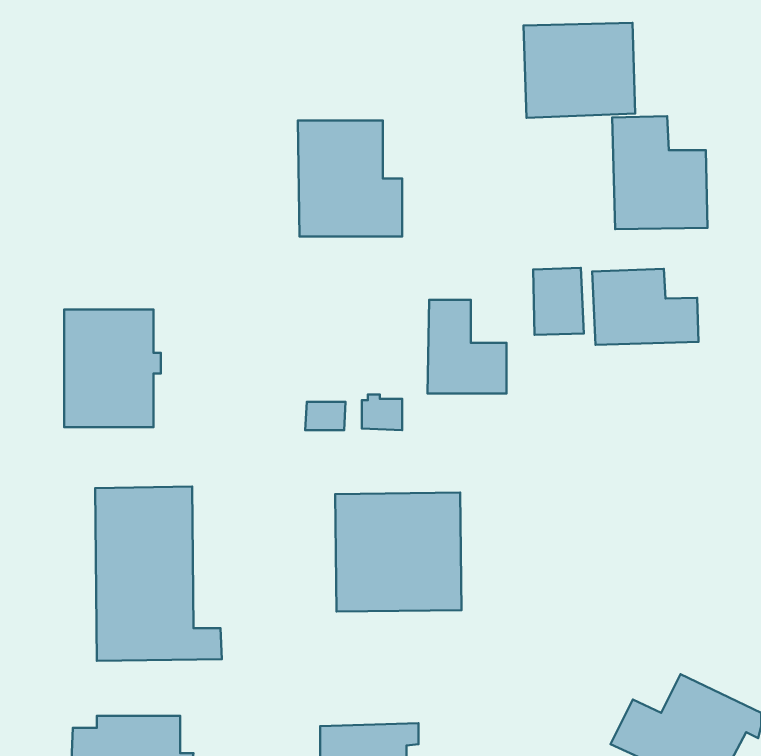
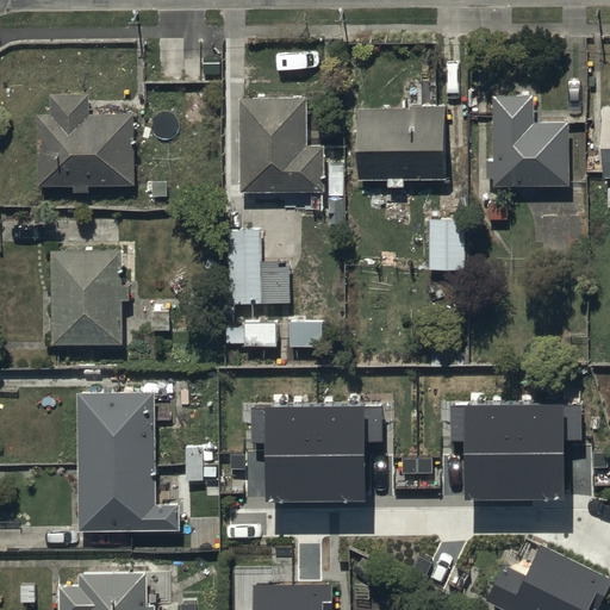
building: [524,23,635,118] -> [356,106,446,182]
building: none -> [37,95,133,194]
building: [592,269,699,345] -> none
building: [428,300,507,393] -> [228,230,291,305]
building: none -> [468,398,568,492]

